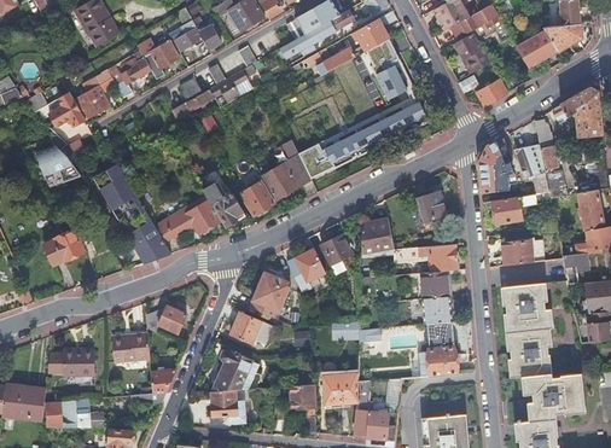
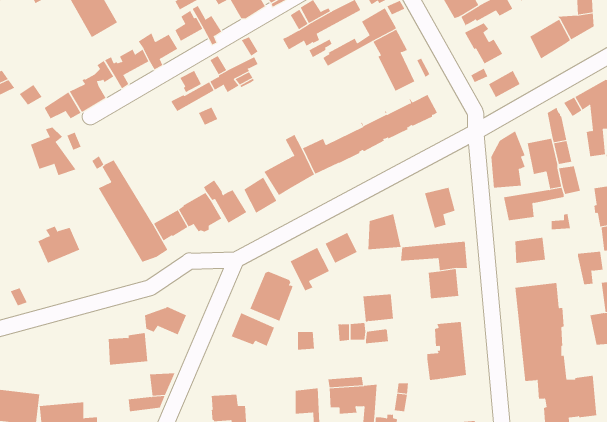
building: [421,296,452,324] -> [363,294,394,323]
building: [47,350,94,374] -> none
building: [213,351,258,391] -> none

